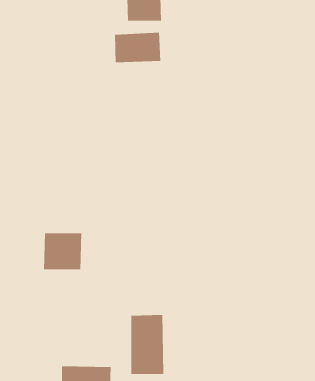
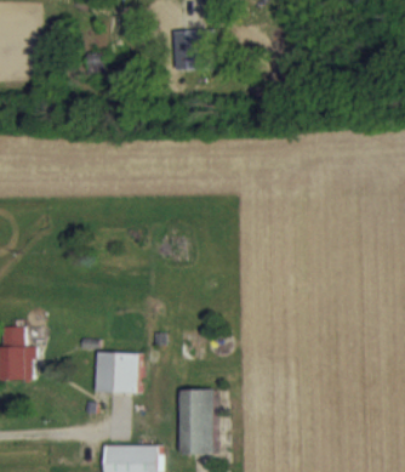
building: [115,32,161,63] -> none
building: [43,233,82,270] -> [97,353,139,393]

